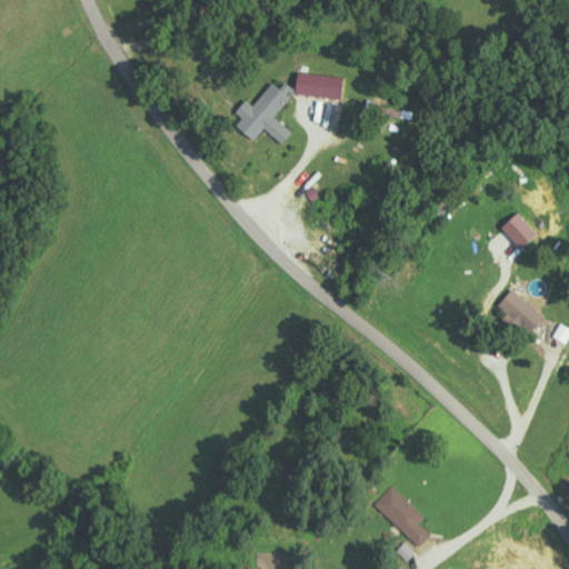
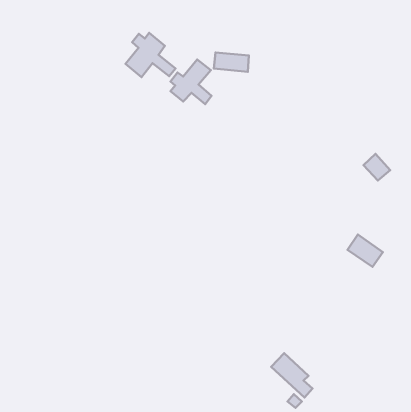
building: none -> [125,33,175,77]
building: [495,290,543,335] -> [347,235,383,267]

